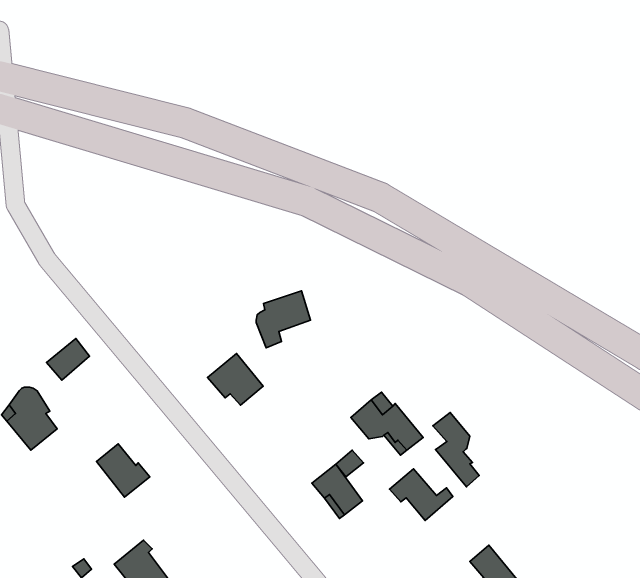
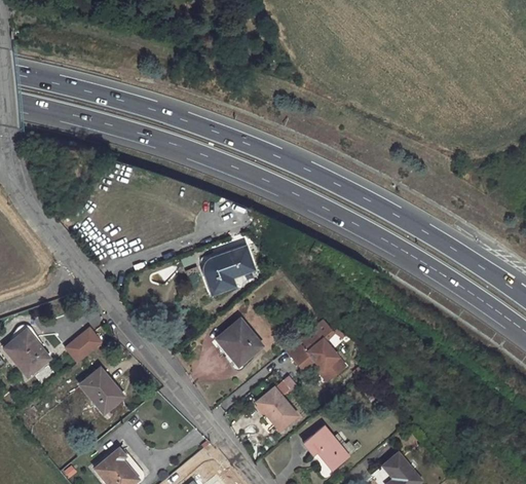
building: [47,338,90,380] -> [67,329,102,363]
building: [207,353,263,405] -> [217,320,262,362]
building: [433,413,479,487] -> none
building: [390,469,453,521] -> [304,427,355,470]

